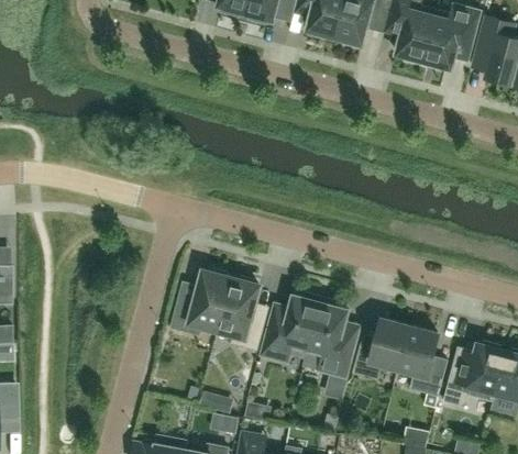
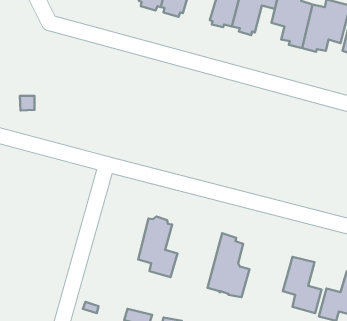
building: [170,268,230,336] -> none
building: [262,292,322,365] -> none
building: [350,319,410,380] -> none

